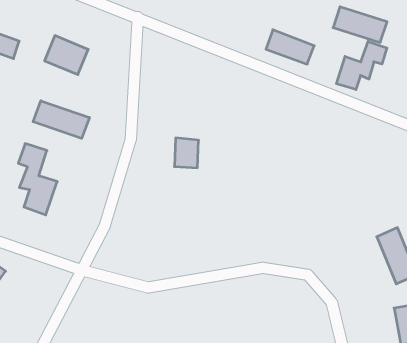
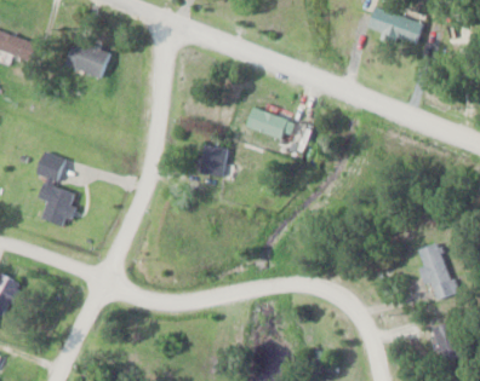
building: [266,30,314,64] -> [246,108,297,144]
building: [336,41,387,90] -> none
building: [33,101,89,138] -> none

